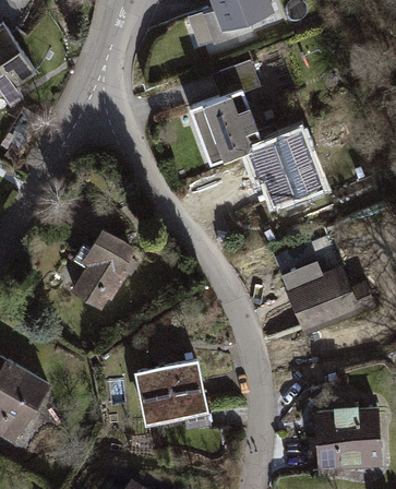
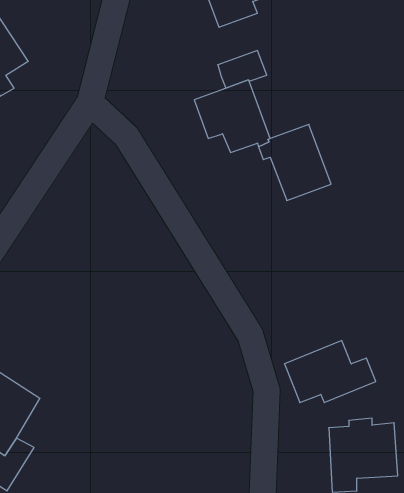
building: [74,231,131,308] -> none
building: [288,267,373,325] -> [284,341,376,403]
building: [137,362,205,420] -> none

